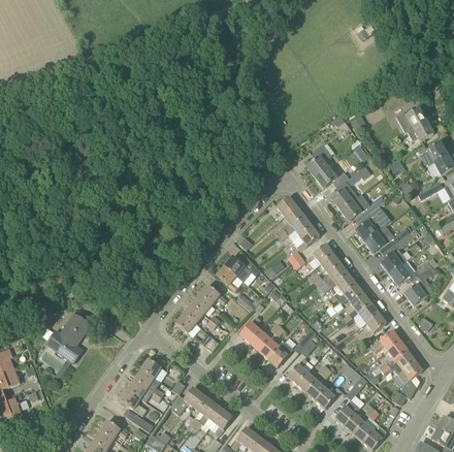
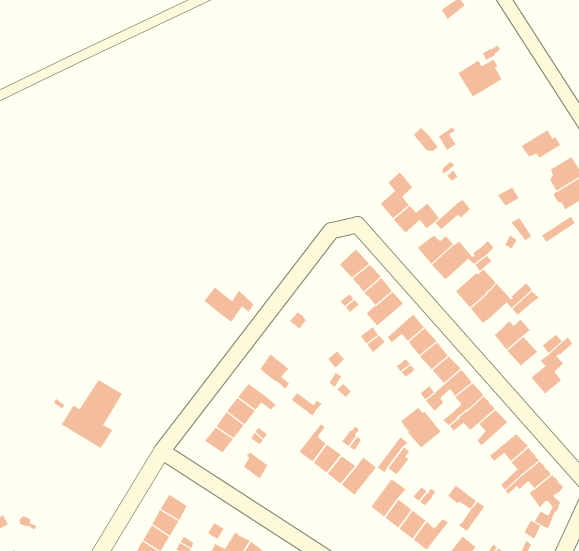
building: [395,106,426,132] -> [457,59,502,97]
building: [224,255,259,281] -> [204,287,254,323]
building: none -> [400,407,441,449]
building: [45,313,90,361] -> [61,379,123,449]

